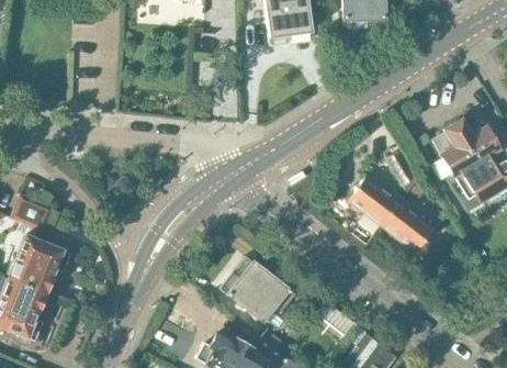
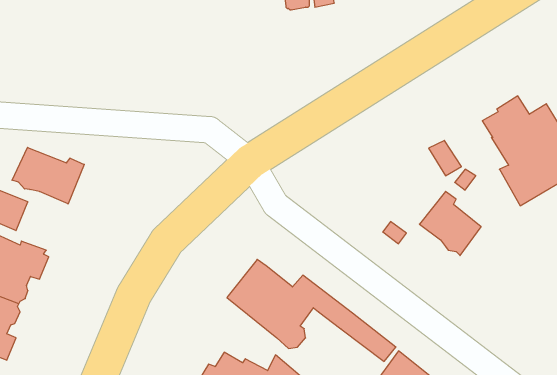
building: none -> [12,147,84,204]
building: [348,177,404,226] -> none

